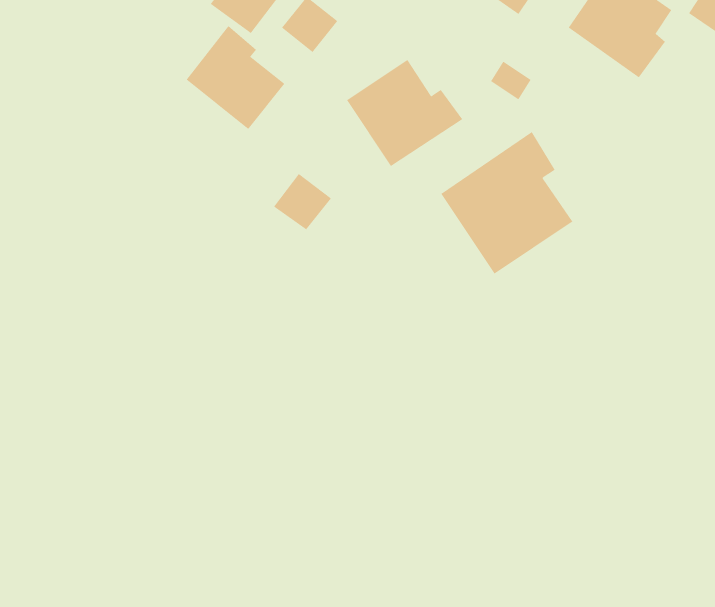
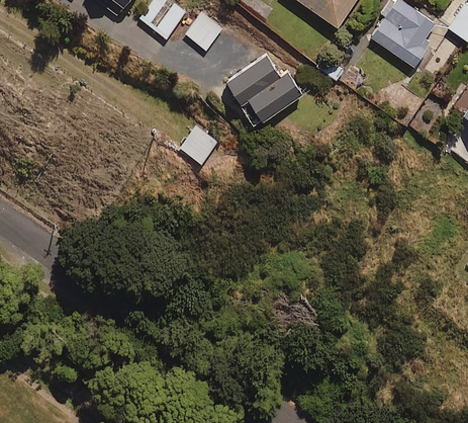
building: [186,25,285,130] -> none
building: [440,131,573,274] -> none

